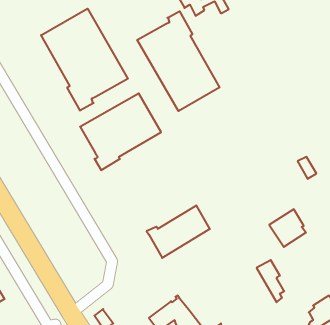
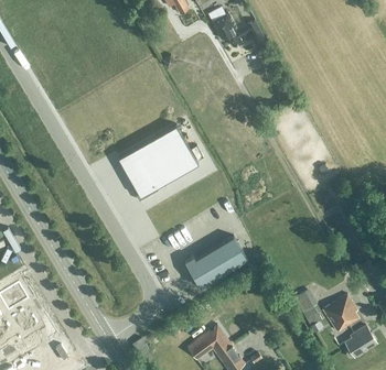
building: [41,9,128,111] -> none
building: [137,11,219,111] -> none
building: [269,209,306,247] -> [322,294,358,331]

